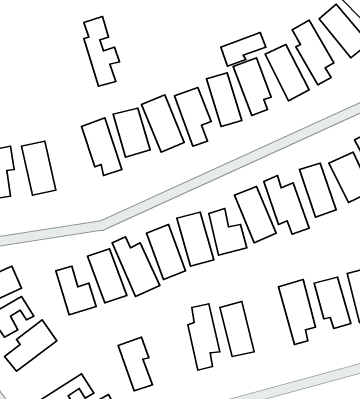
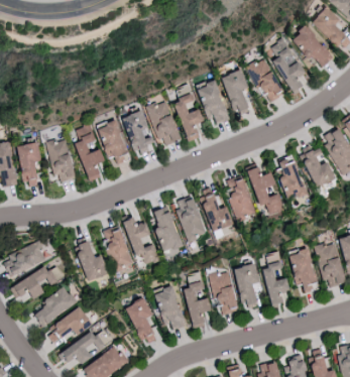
building: [84,16,119,86] -> [76,124,105,181]
building: [221,32,266,66] -> none
building: none -> [236,264,259,305]
building: none -> [153,286,188,331]
building: none -> [48,307,91,343]

